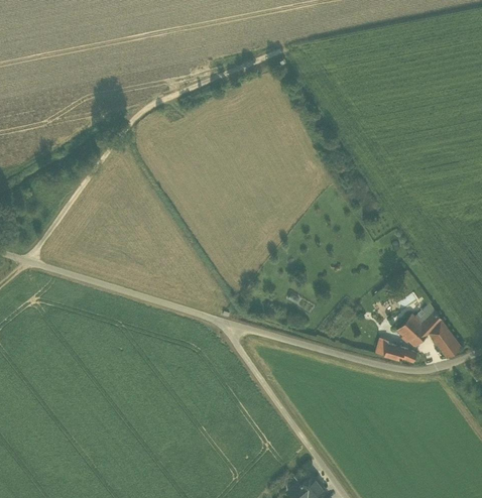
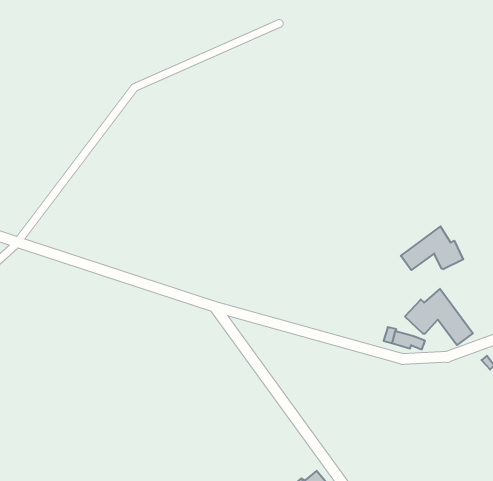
building: none -> [401,226,463,270]

